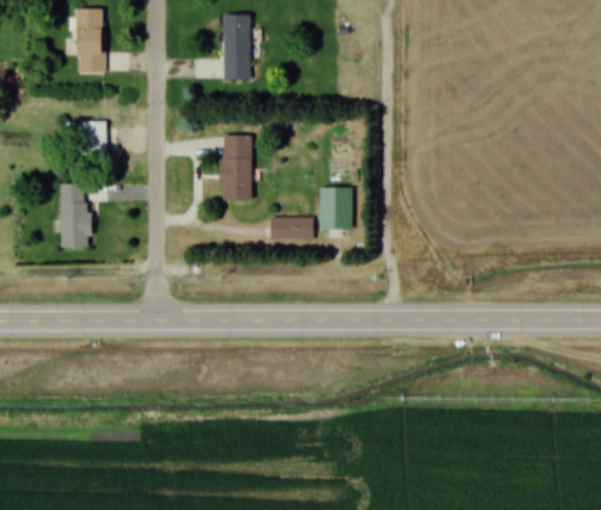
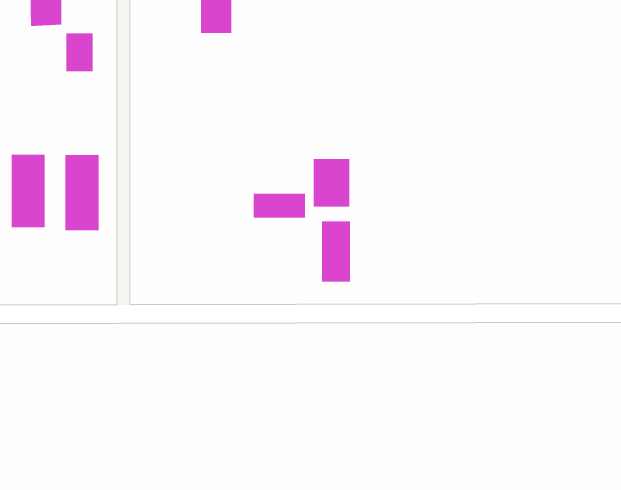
building: [81,121,105,154] -> [66,33,93,72]
building: [221,134,251,200] -> [65,154,99,231]
building: none -> [322,221,350,282]

